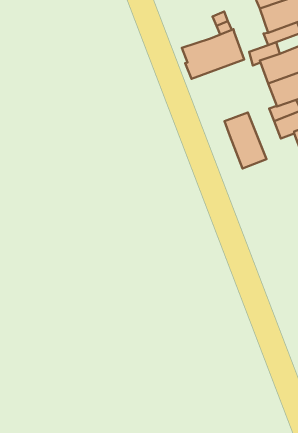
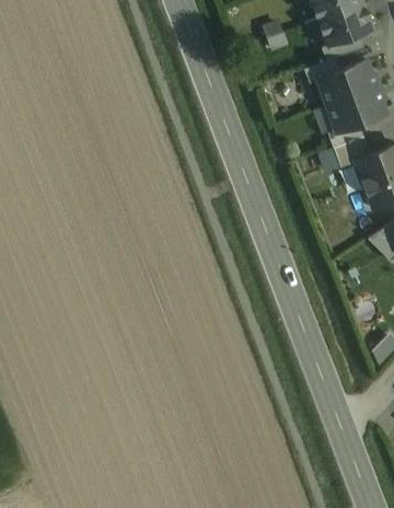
building: [182,29,244,79] -> none
building: [225,113,267,169] -> none

